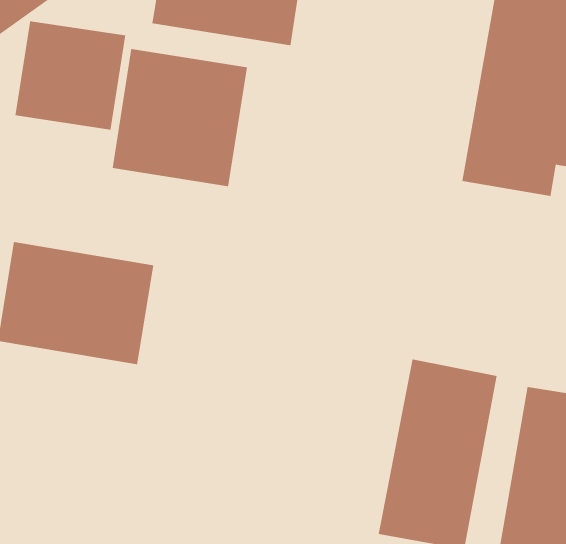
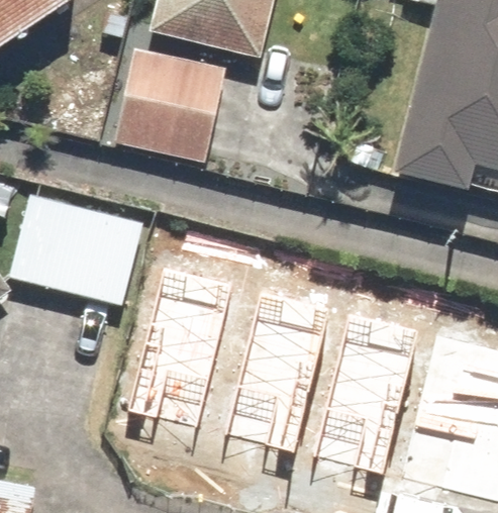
building: [15,20,126,131] -> none
building: none -> [126,265,231,422]
building: none -> [227,295,332,452]

